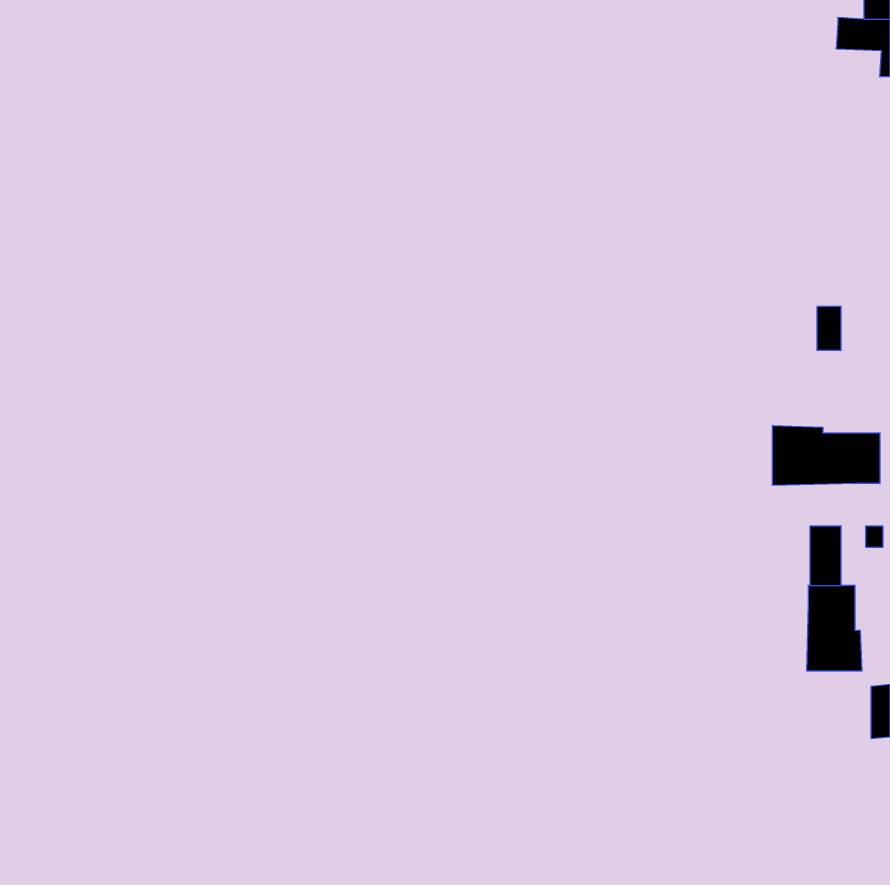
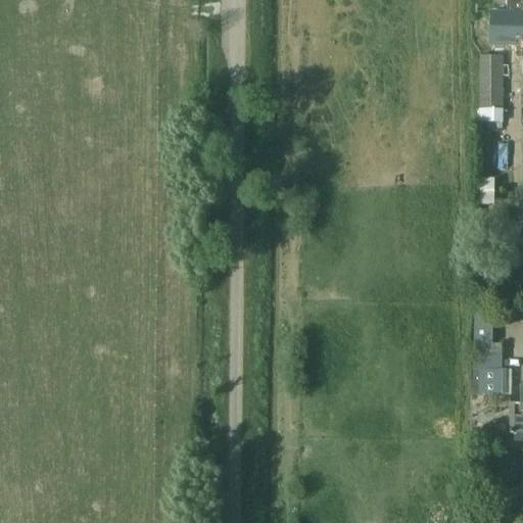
building: none -> [480,55,504,121]
building: [772,425,880,485] -> none

